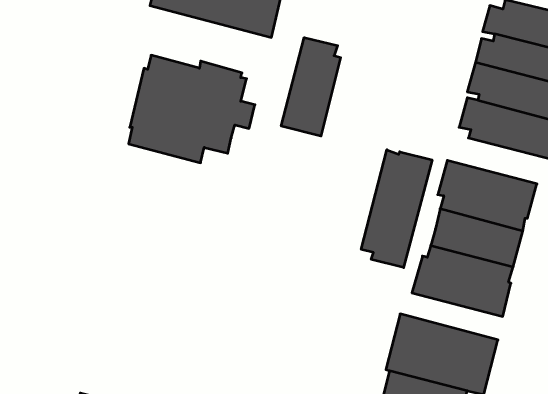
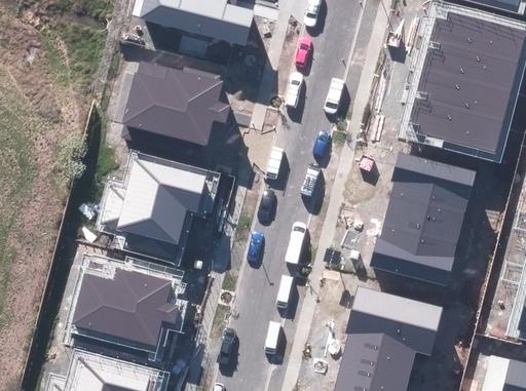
building: [281,38,341,136] -> none
building: [361,150,432,268] -> none
building: none -> [100,159,206,244]
building: none -> [72,268,178,345]

